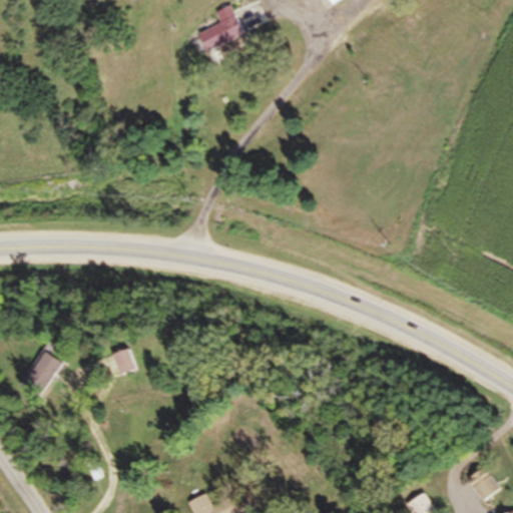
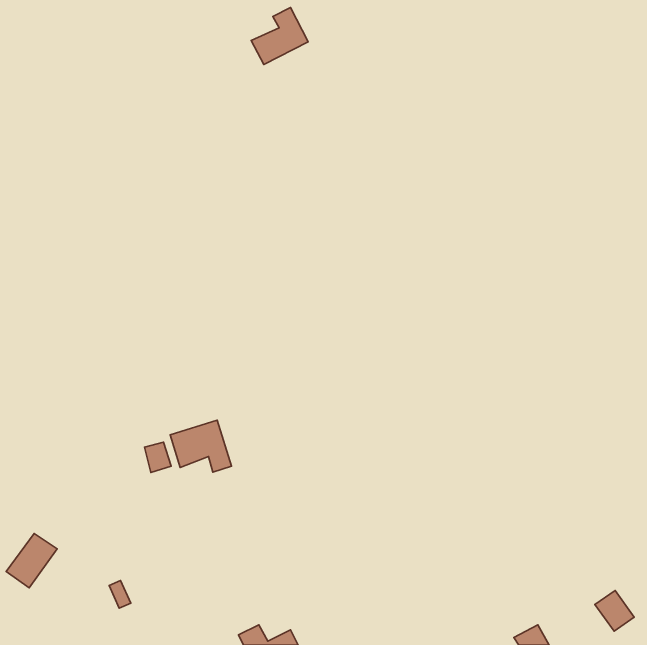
building: none -> [170,420,232,472]
building: [18,353,58,396] -> [6,533,57,588]

